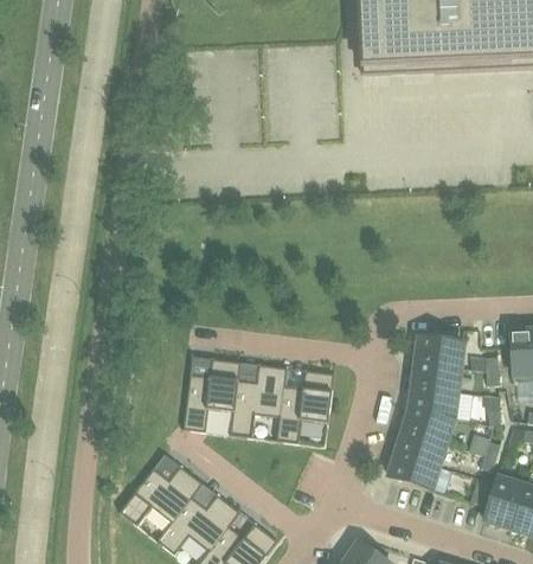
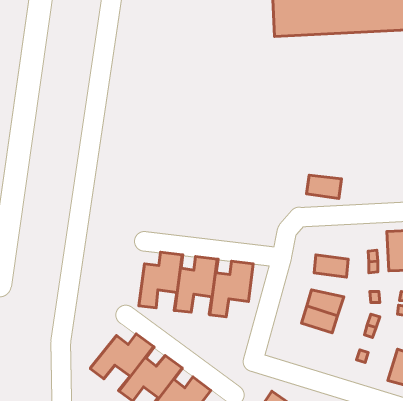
building: [417,335,463,366] -> [306,175,341,198]
building: [411,384,457,416] -> none
building: [390,450,438,488] -> none
building: [484,476,525,526] -> none

